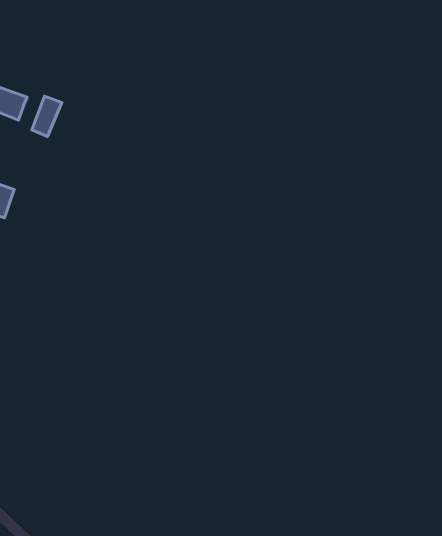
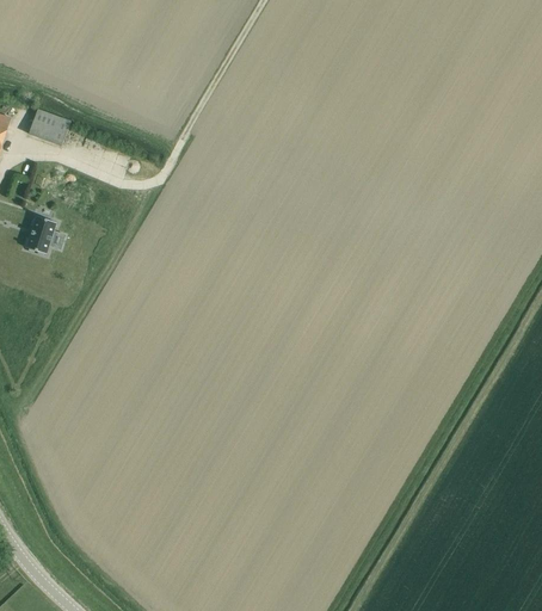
building: [32,96,62,136] -> none

